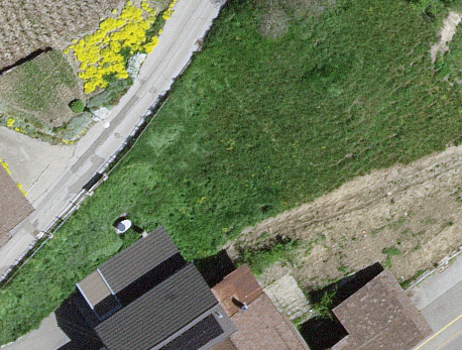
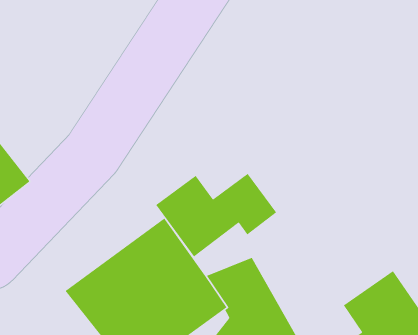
building: none -> [155,173,277,257]

